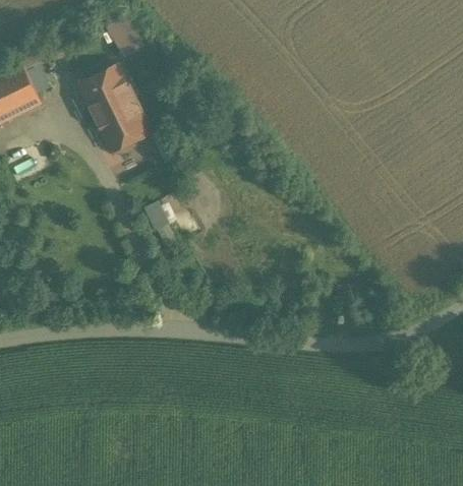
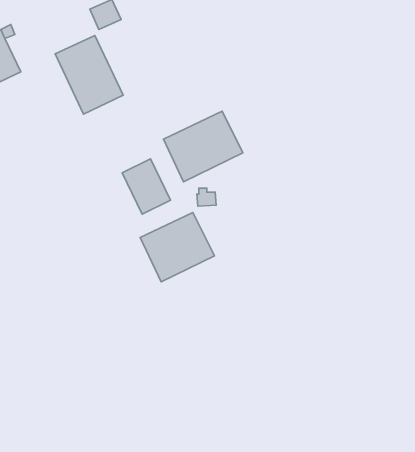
building: none -> [163,111,243,182]
building: none -> [140,212,214,282]

